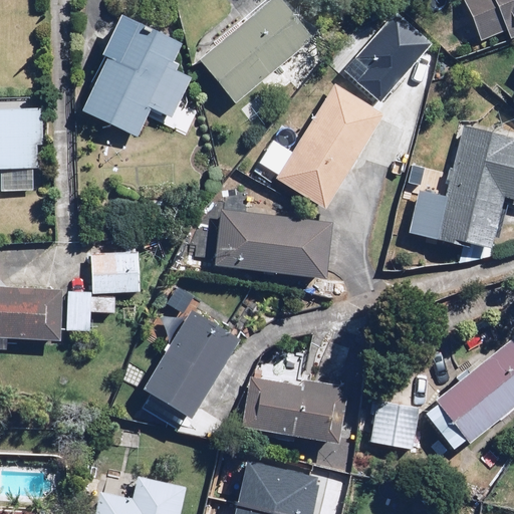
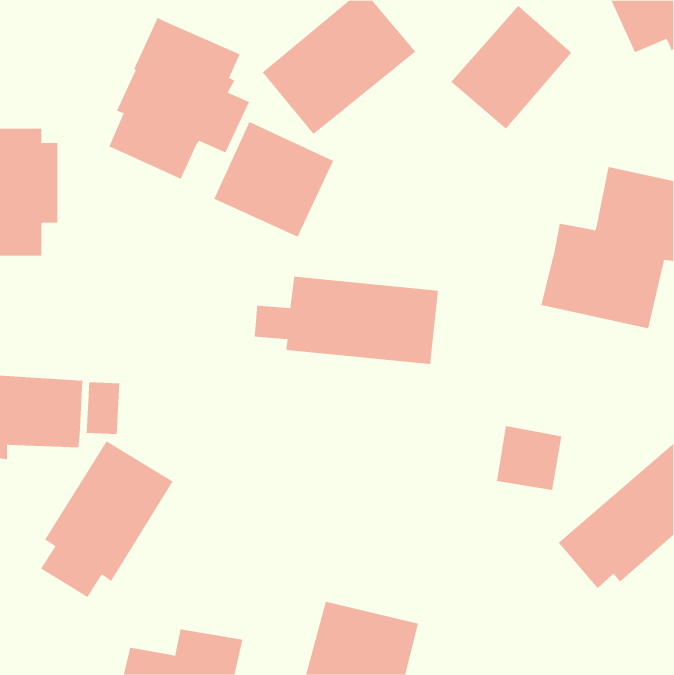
building: [279,86,382,208] -> none
building: none -> [214,121,334,237]
building: [94,251,141,312] -> none
building: [141,311,242,431] -> [40,441,174,598]
building: [242,379,349,443] -> none
building: [368,399,419,448] -> [496,426,562,490]

